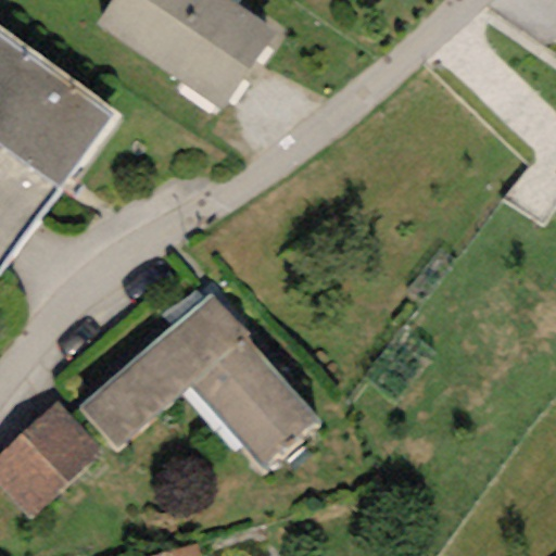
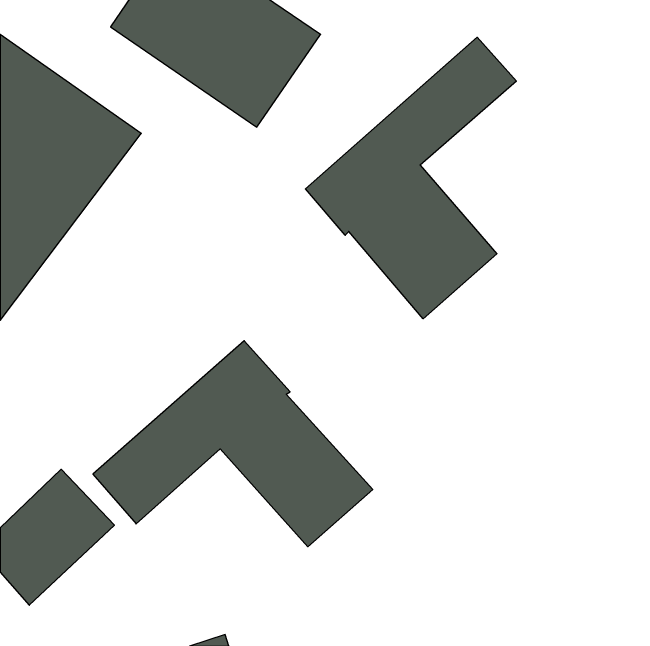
building: none -> [305,37,516,319]

